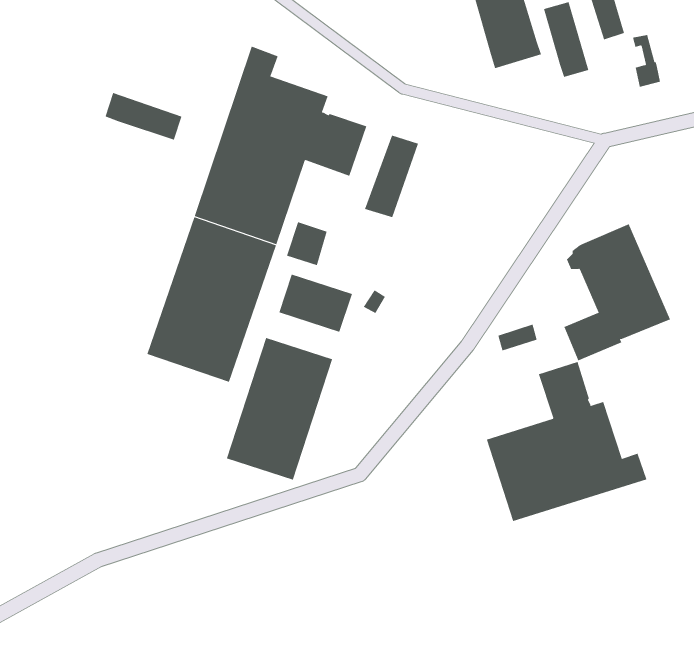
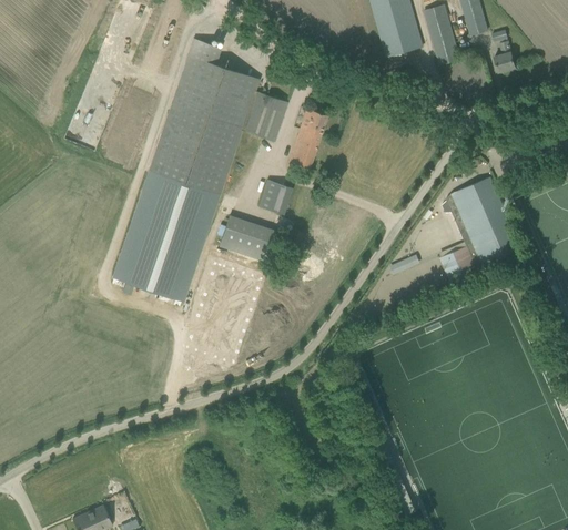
building: [105,92,182,141] -> none
building: [286,221,328,266] -> [258,179,291,213]
building: [226,337,333,481] -> none
building: [486,361,647,522] -> none

